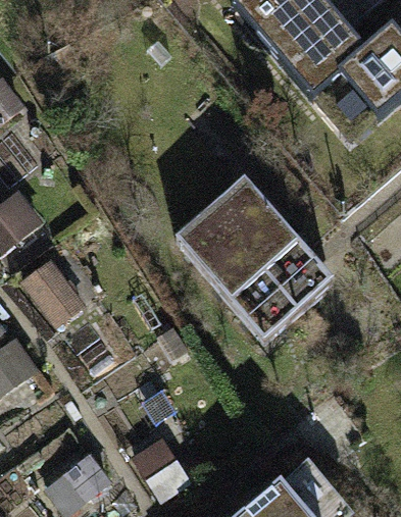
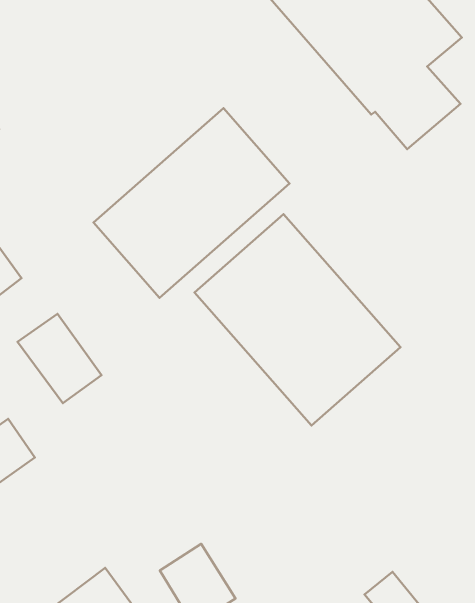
building: none -> [93,108,290,298]

